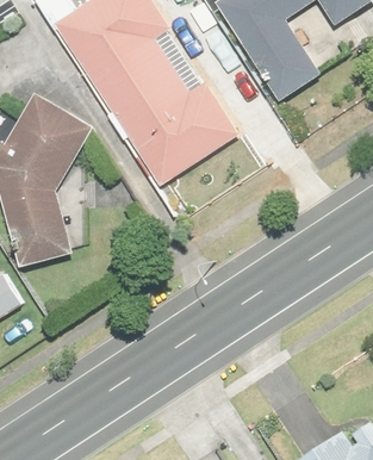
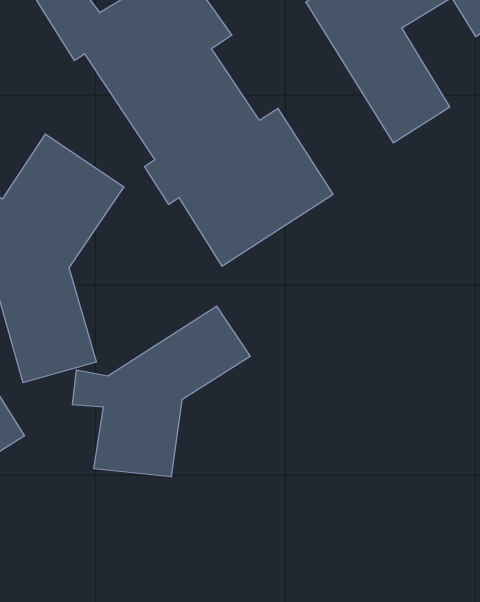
building: none -> [72,306,250,477]

